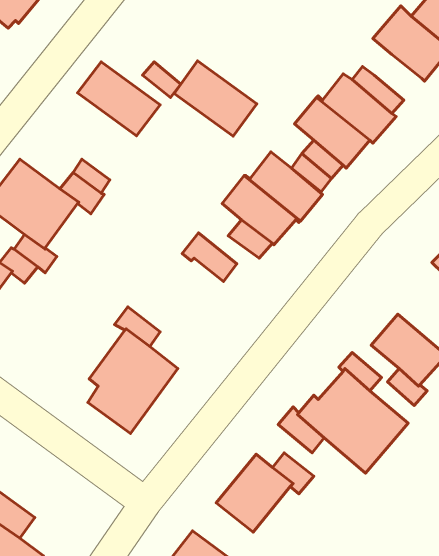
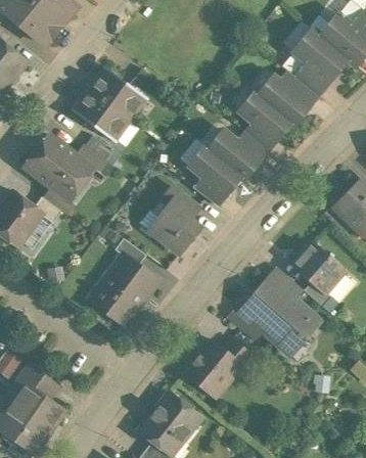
building: none -> [293,63,326,95]
building: [174,61,257,136] -> [72,90,129,142]
building: none -> [154,204,198,256]

